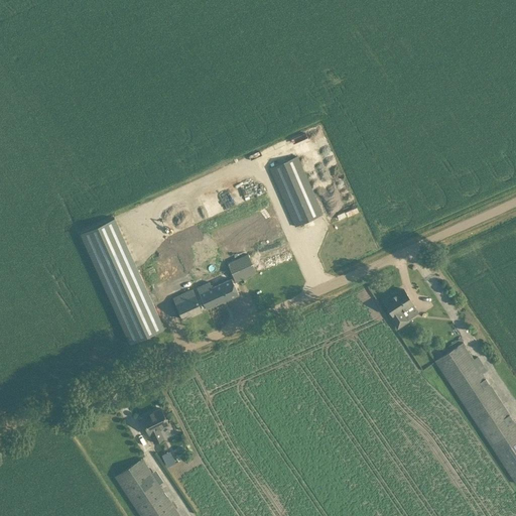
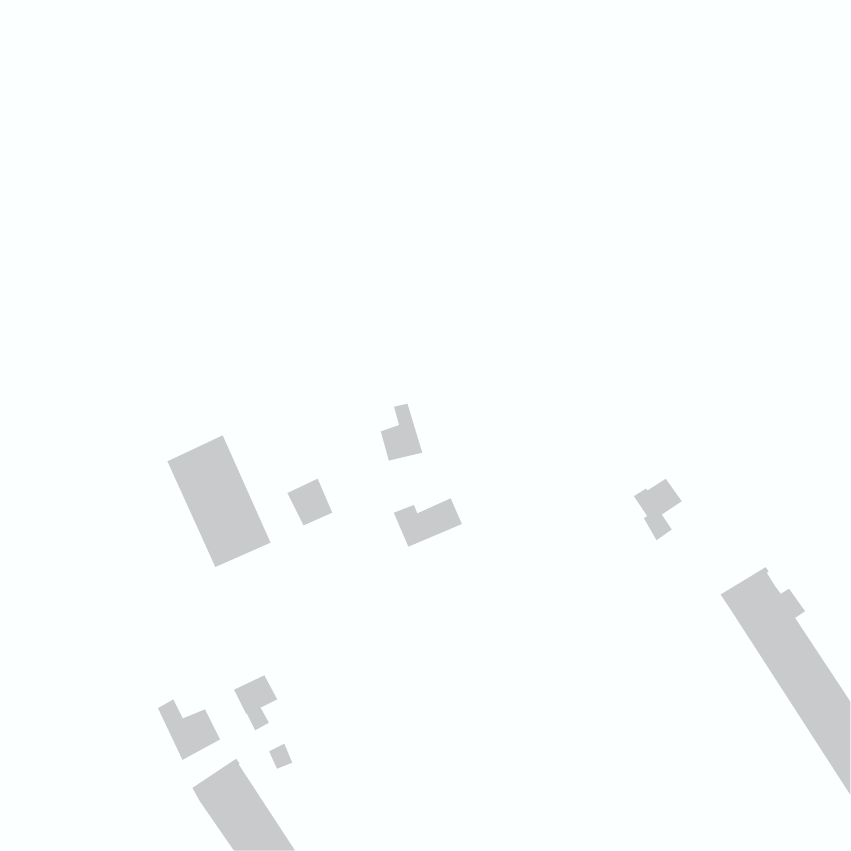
building: [270,156,322,226] -> none
building: [197,278,239,308] -> [393,498,463,547]
building: none -> [157,699,221,761]

